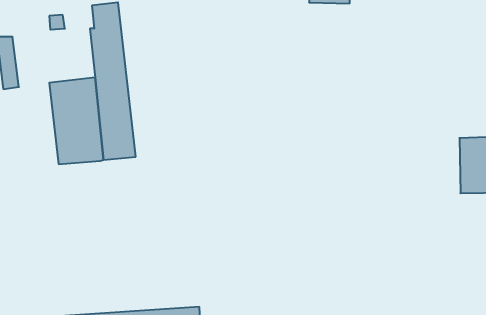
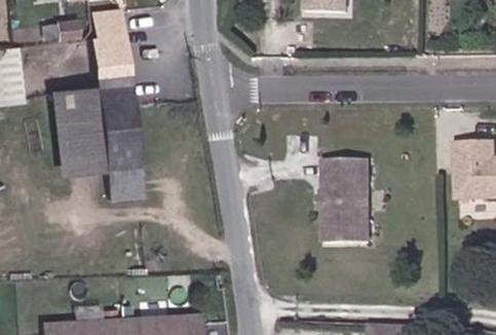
building: none -> [322,159,368,241]
building: none -> [103,164,142,197]

